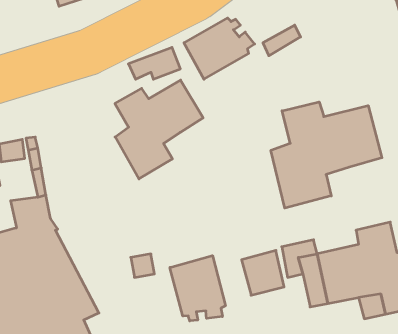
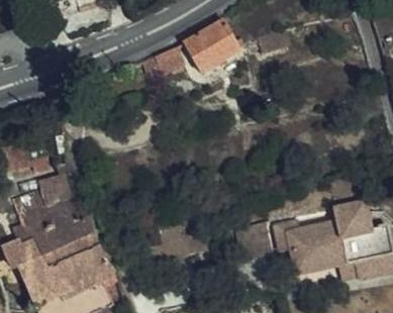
building: [115,80,203,179] -> none
building: [271,102,382,208] -> none
building: [170,256,225,321] -> none

